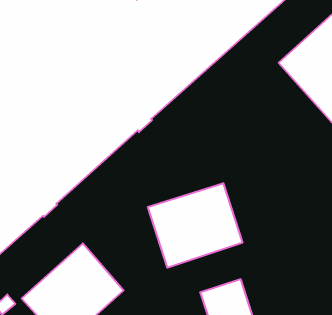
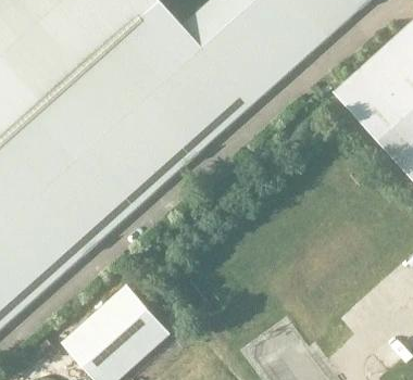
building: [148,183,242,268] -> none

